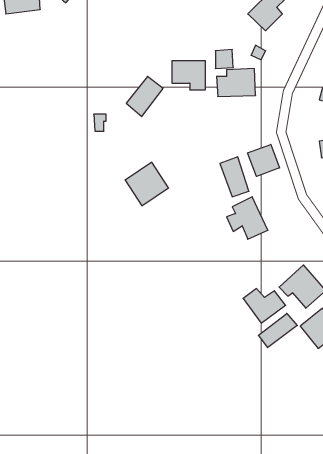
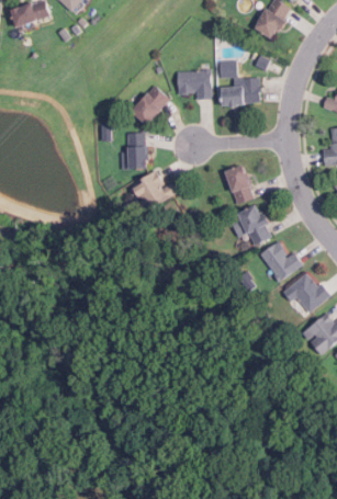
building: none -> [126,134,147,168]
building: [247,144,280,176] -> none
building: [243,289,286,323] -> [262,247,304,281]
building: [258,313,297,348] -> none

